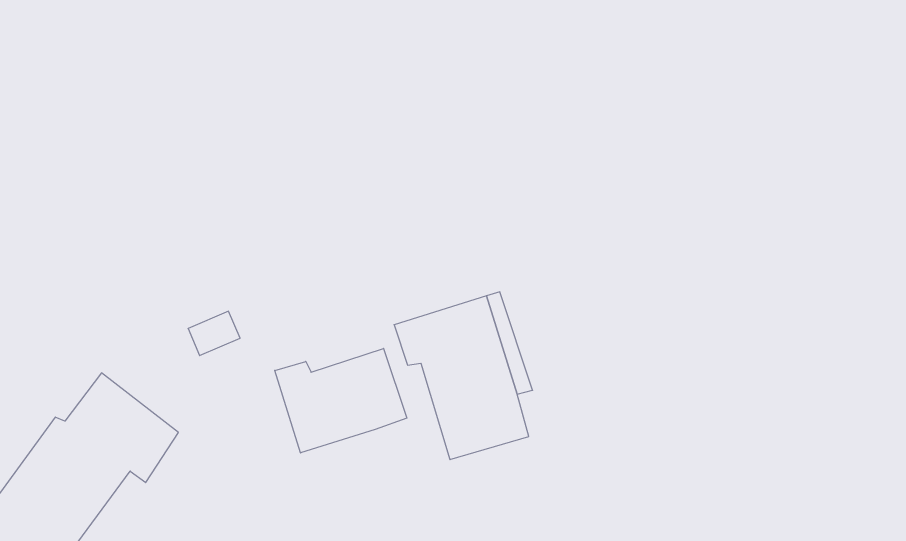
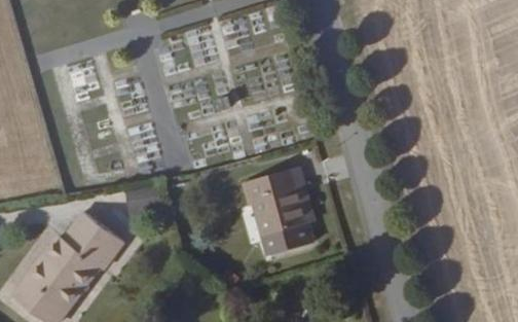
building: [275,348,407,453] -> none

